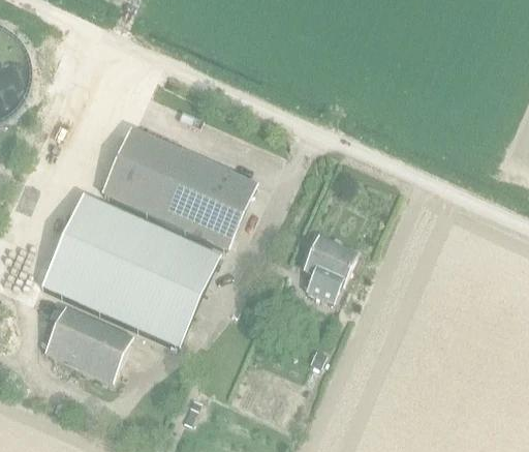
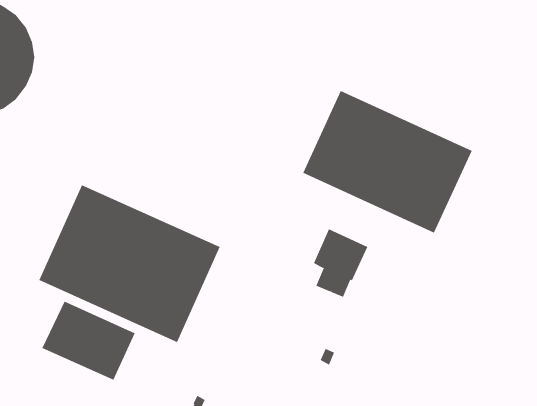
building: none -> [302,90,472,234]
building: [103,127,255,247] -> none

